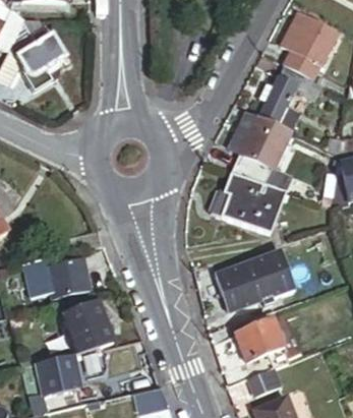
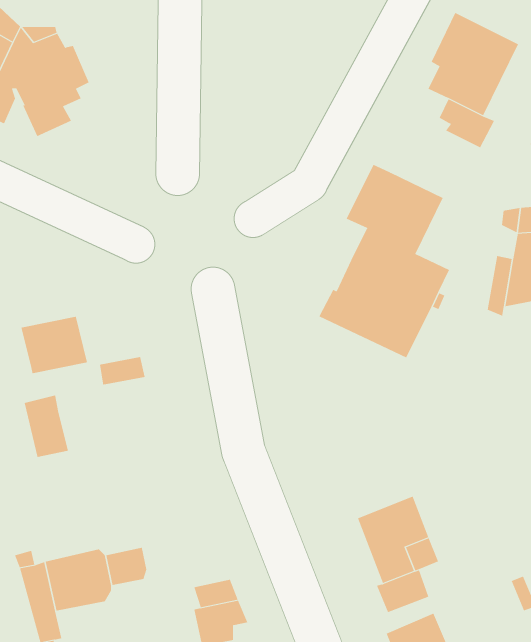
building: [257,75,298,131] -> none
building: [215,252,291,309] -> none
building: [47,260,90,297] -> [20,316,88,374]
building: [62,302,114,354] -> none

